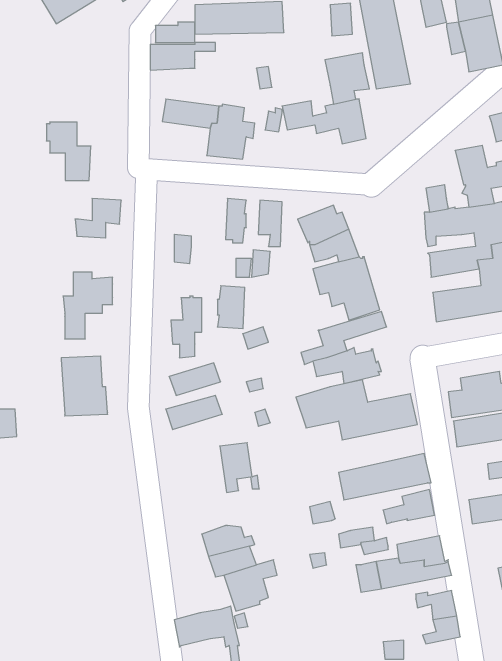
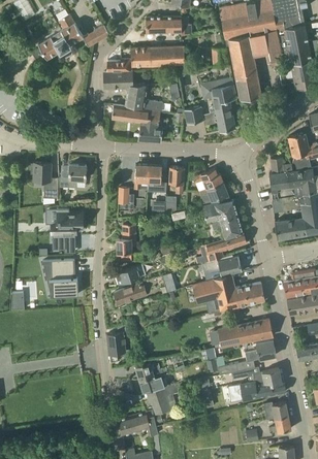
building: none -> [125,81,162,110]
building: [46,122,91,180] -> [32,163,59,198]
building: [217,286,245,329] -> [134,164,151,190]
building: [220,443,259,492] -> [106,332,130,362]

